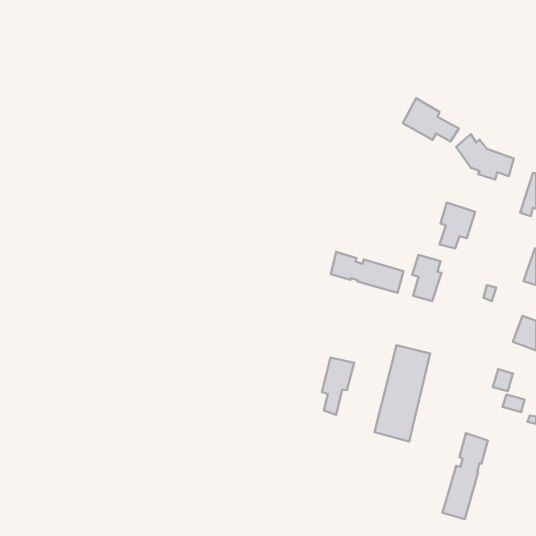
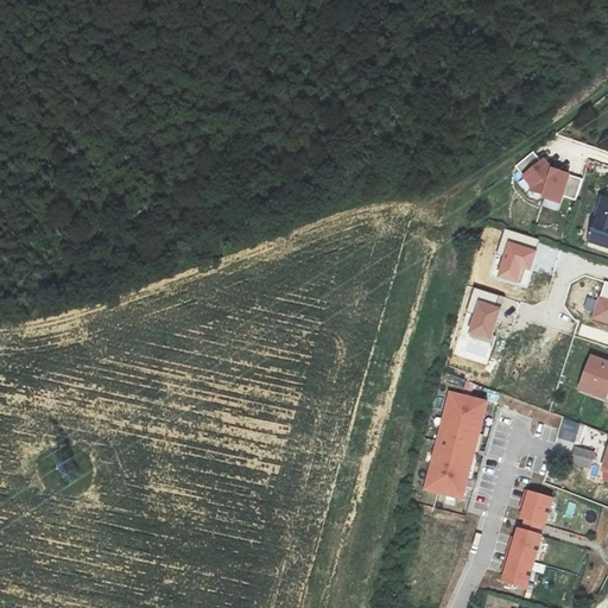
building: [403,98,459,142] -> none
building: [331,252,404,293] -> none
building: [322,357,354,415] -> none

